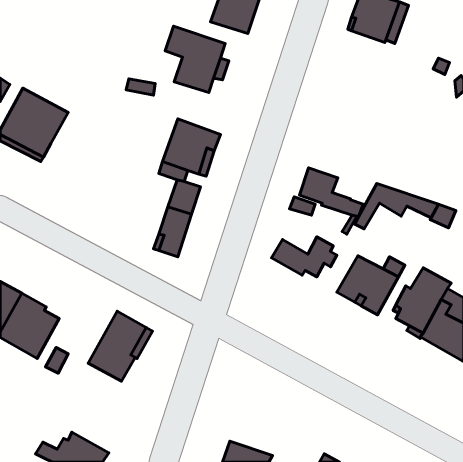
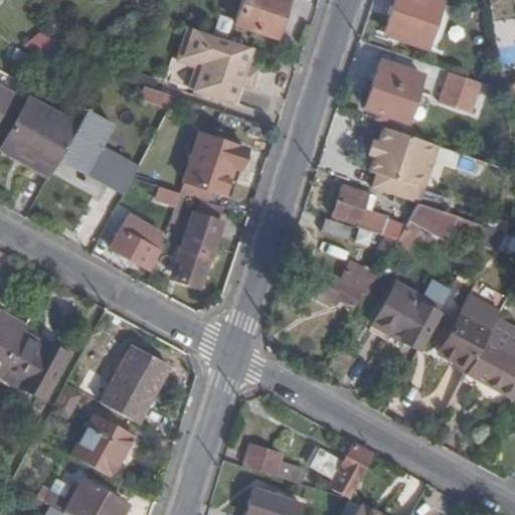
building: none -> [366,60,423,122]
building: none -> [441,69,481,113]
building: none -> [57,110,137,194]
building: none -> [370,128,433,203]
building: none -> [107,213,157,268]
building: none -> [70,414,134,477]
building: none -> [245,444,309,483]
building: none -> [312,444,374,498]

